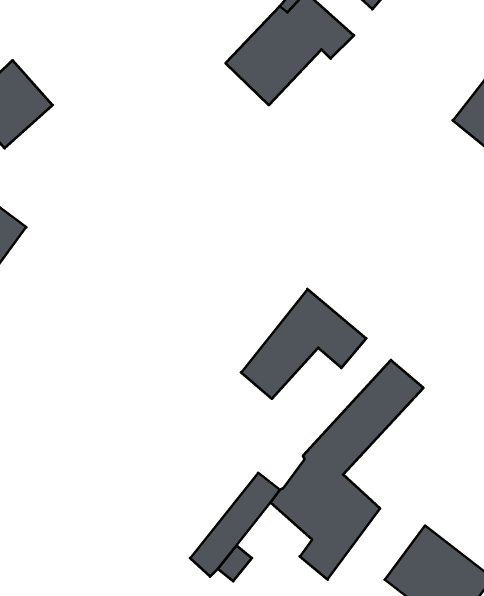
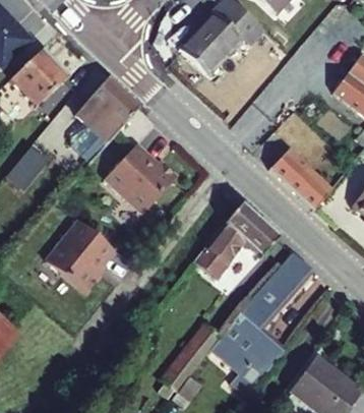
building: none -> [74,79,136,142]
building: none -> [103,144,175,214]
building: none -> [271,149,332,206]
building: none -> [43,221,112,293]

